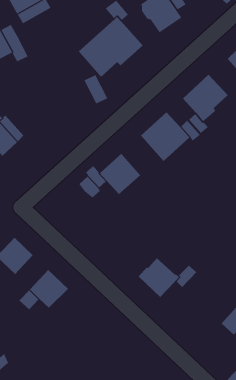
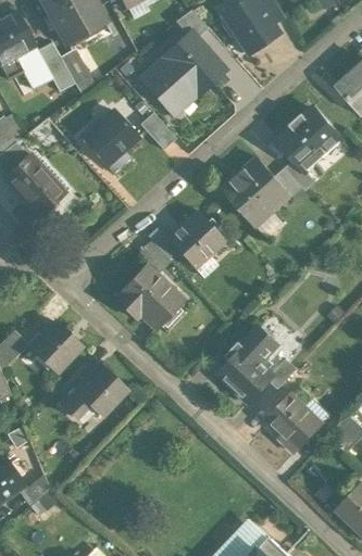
building: none -> [61,48,95,93]
building: none -> [84,111,137,163]
building: none -> [114,264,177,329]
building: none -> [226,327,277,370]
building: none -> [270,394,322,451]

